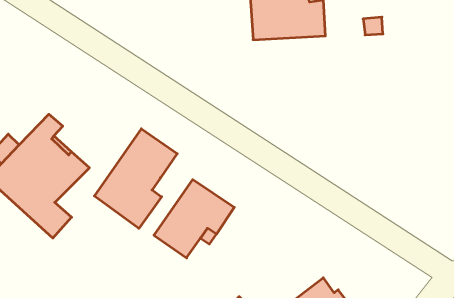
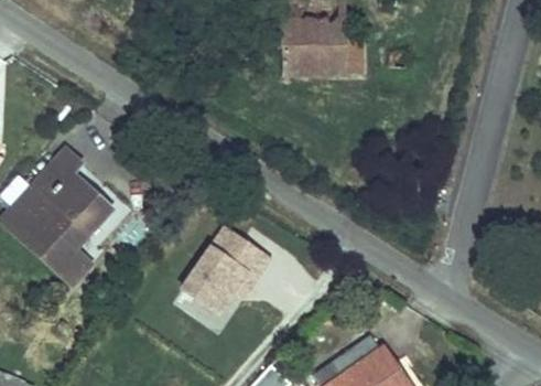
building: [94,129,177,228] -> none

